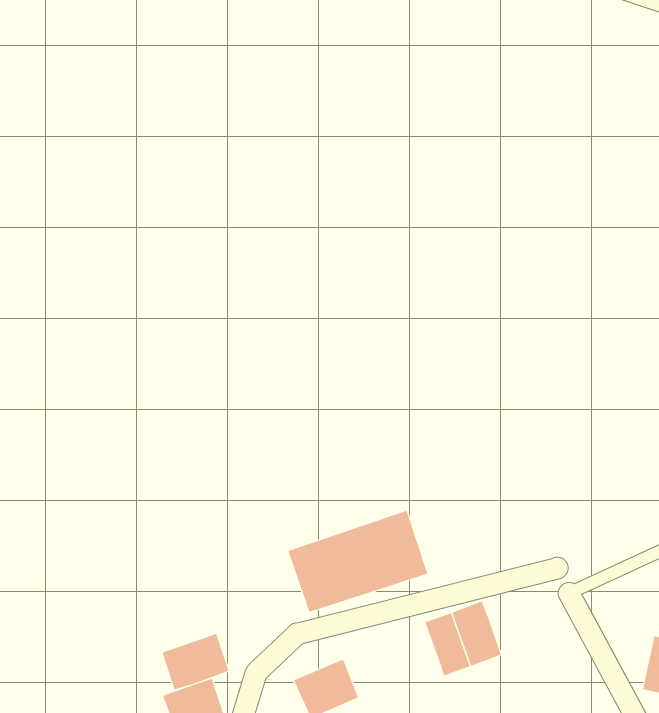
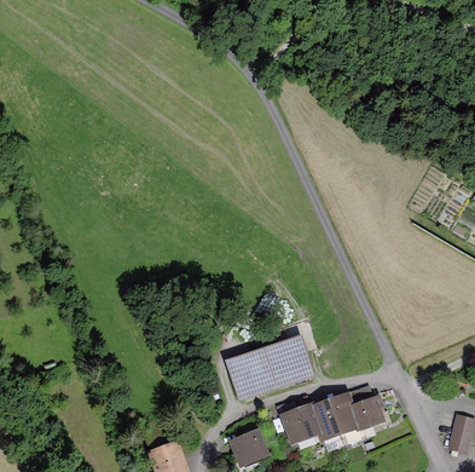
building: none -> [352,396,387,430]
building: none -> [279,404,320,443]
building: [162,633,229,690] -> none

